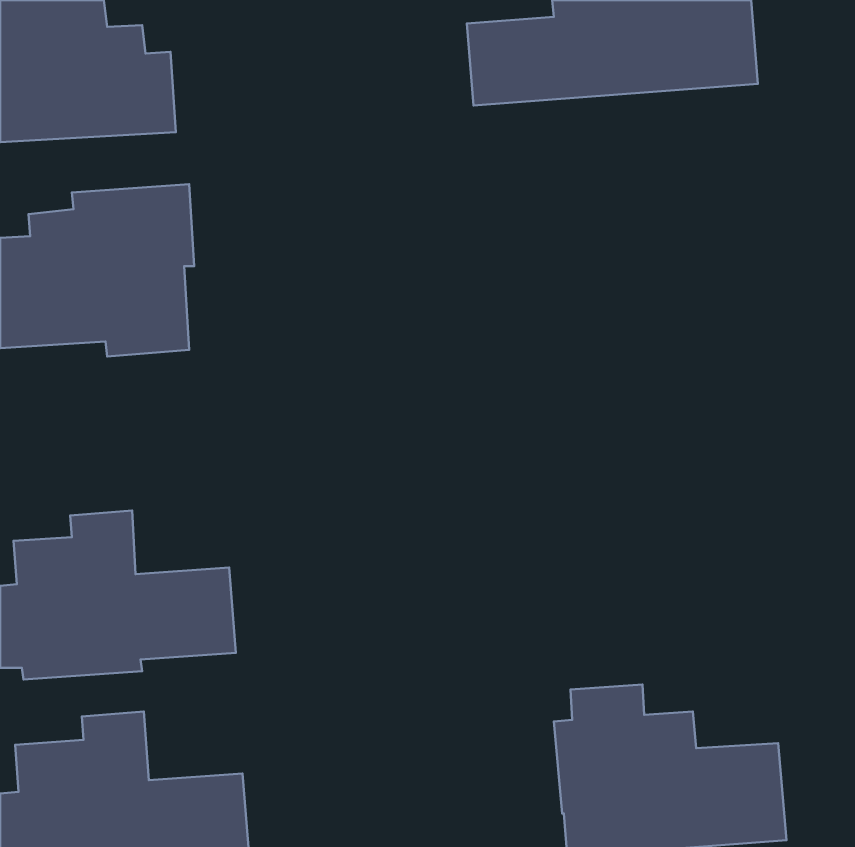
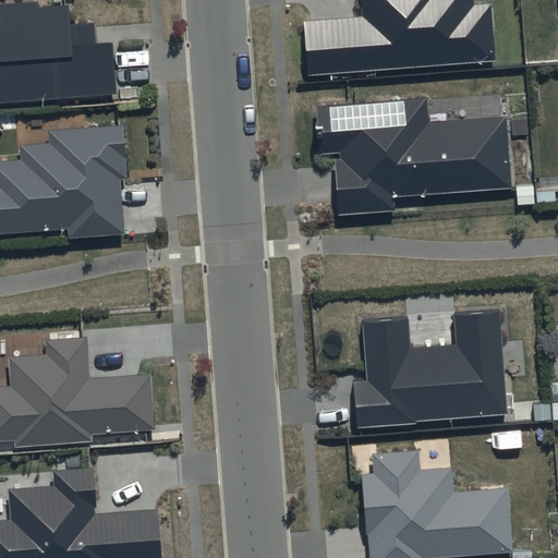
building: none -> [315,98,511,216]
building: none -> [353,311,507,427]

